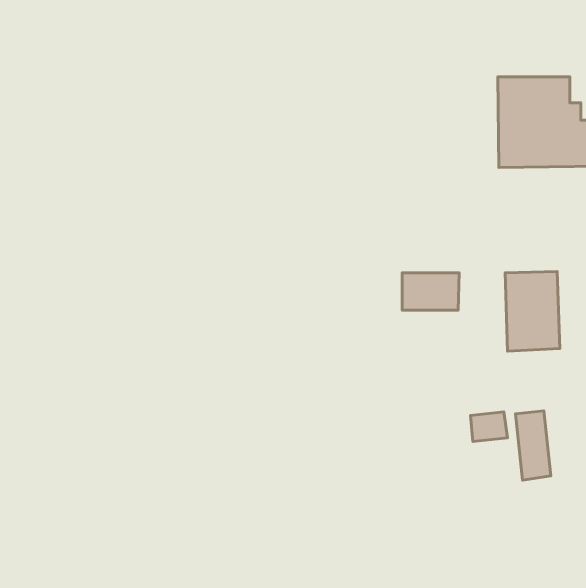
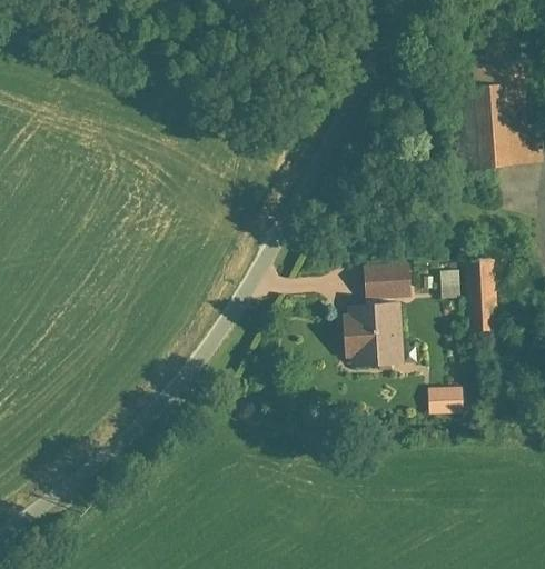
building: none -> [348,306,399,367]
building: [515,411,551,480] -> none

